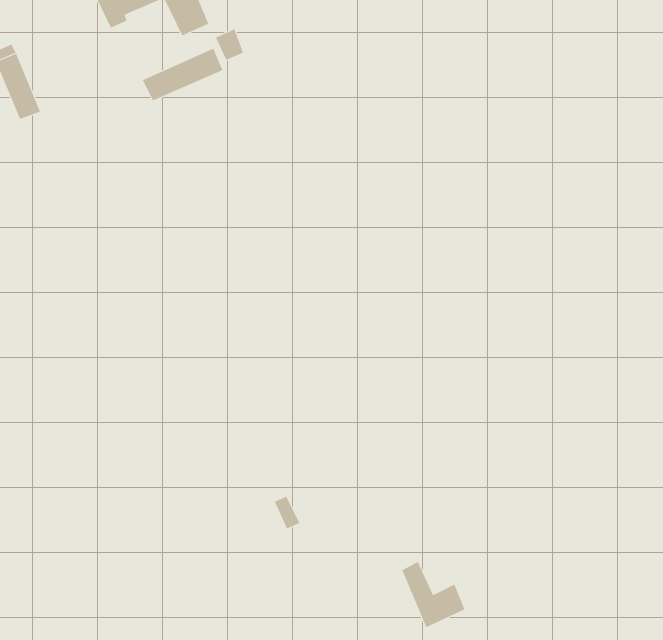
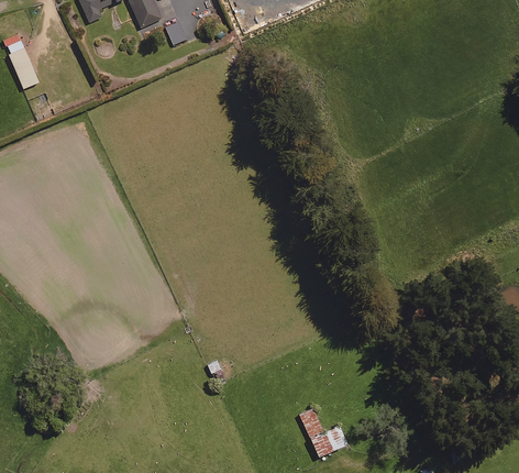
building: [142,48,223,101] -> none

